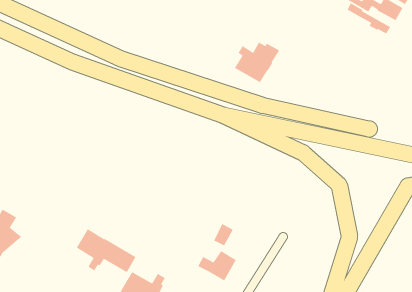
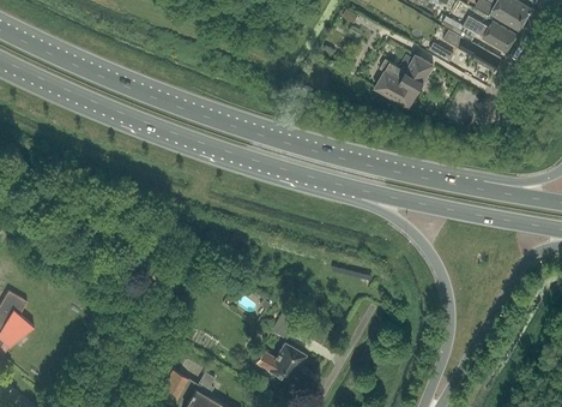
building: [234,42,280,83] -> [374,54,433,107]
building: [76,228,137,273] -> none

